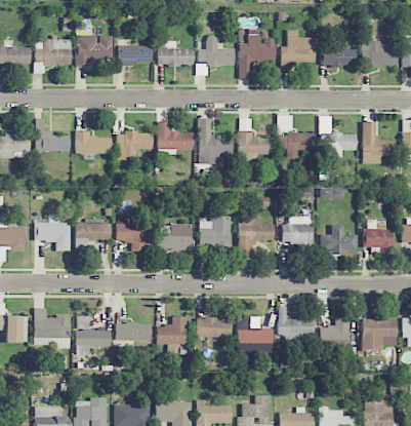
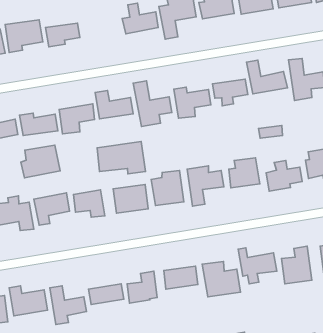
building: [157,47,193,66] -> none
building: none -> [21,145,60,178]
building: none -> [97,142,146,174]

